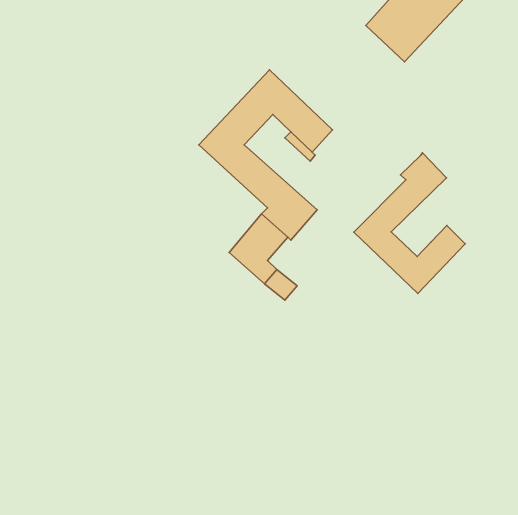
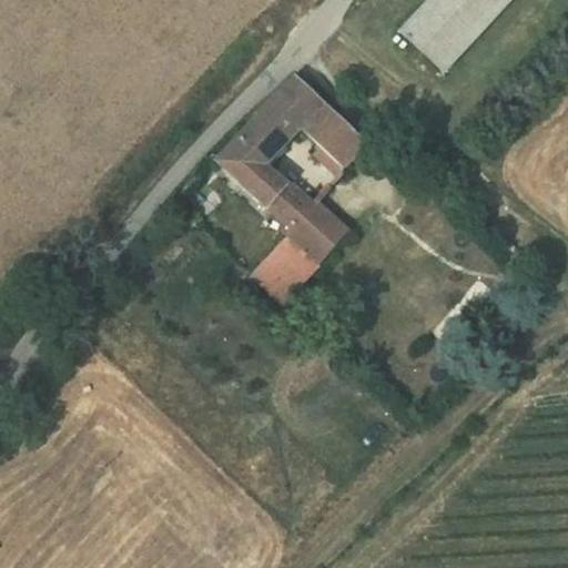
building: [354,153,465,293] -> none

